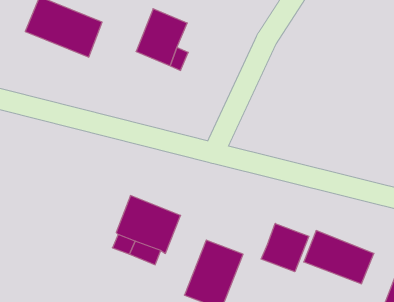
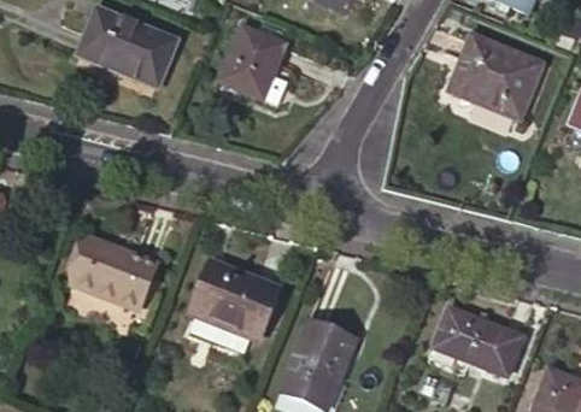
building: none -> [450,34,542,118]
building: none -> [70,240,155,311]
building: [261,223,309,272] -> none

